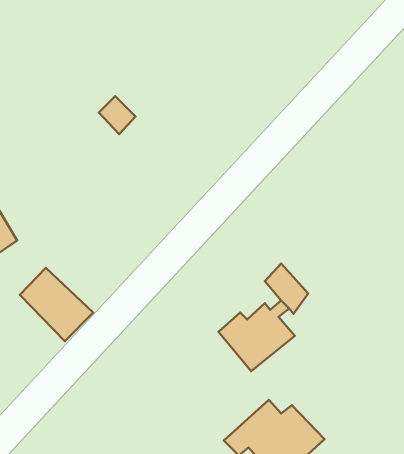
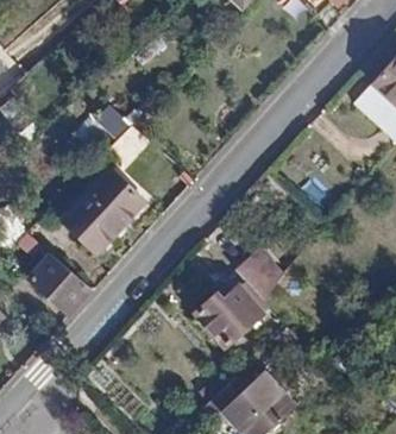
building: none -> [57,165,140,250]

